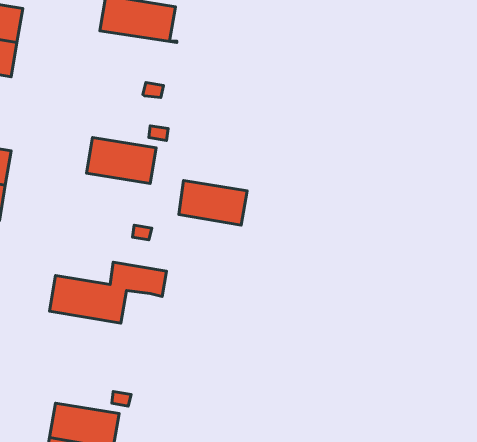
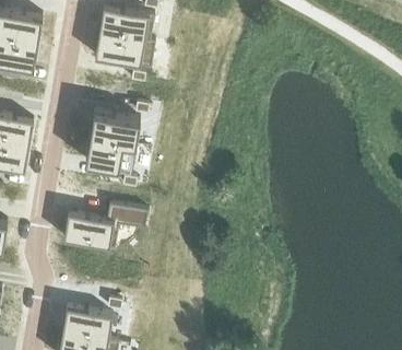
building: none -> [95,32,156,67]
building: [179,180,247,225] -> [86,137,137,170]

